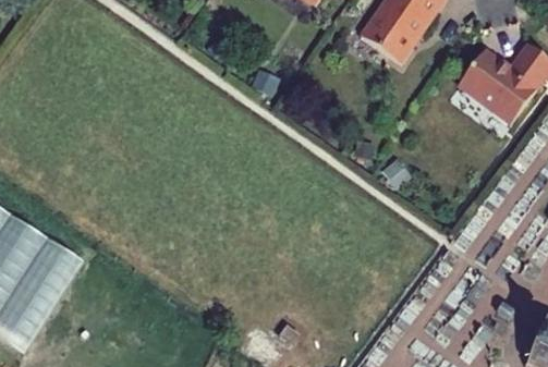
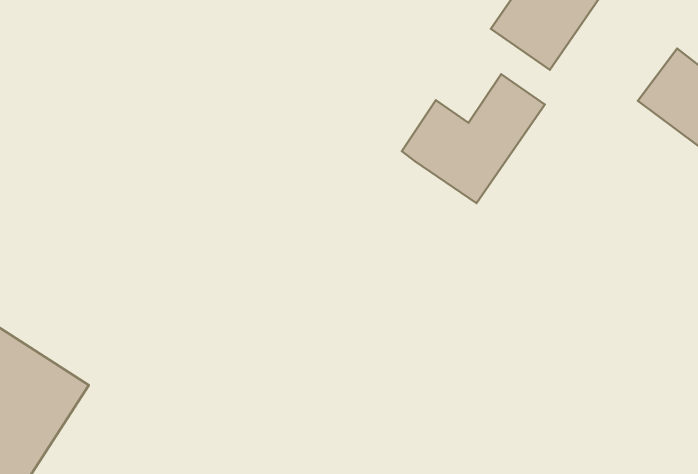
building: none -> [402,74,545,203]

